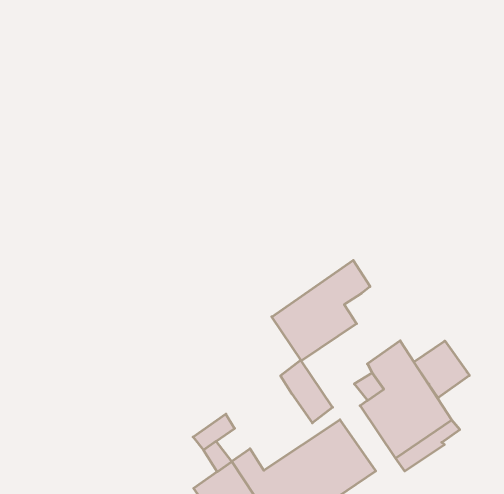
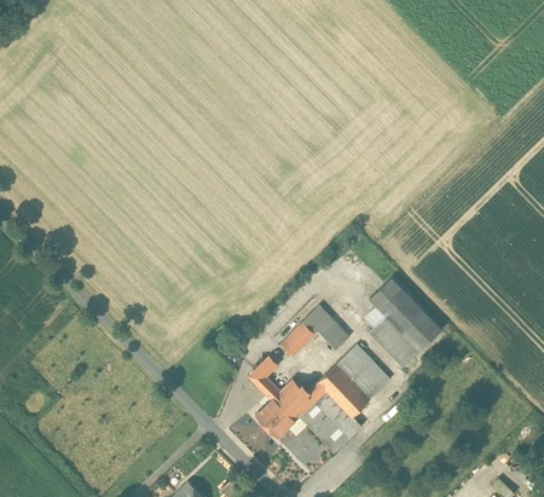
building: [272,260,370,361] -> none
building: [414,341,469,398] -> none
building: none -> [280,319,317,357]

